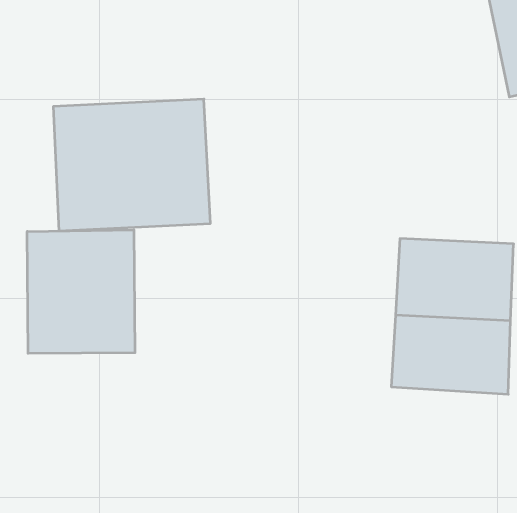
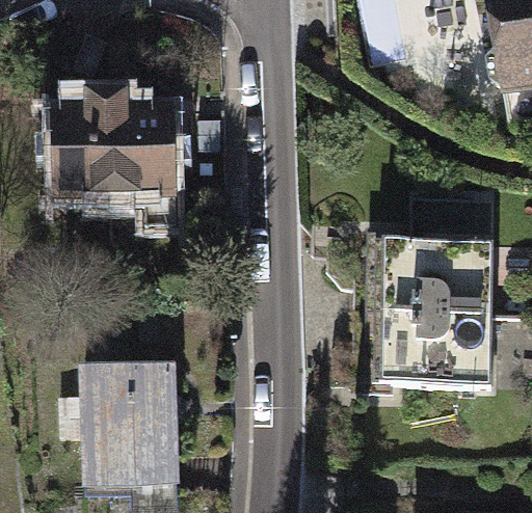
building: [27,230,135,353] -> none
building: none -> [80,358,175,485]

